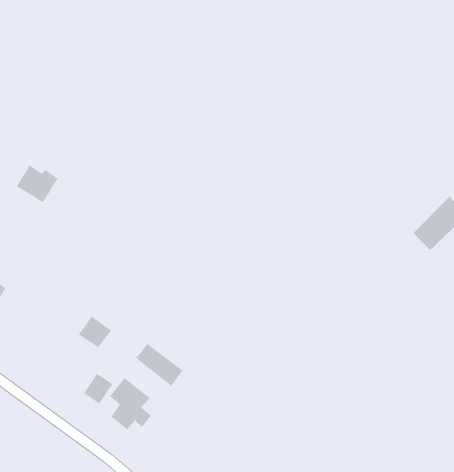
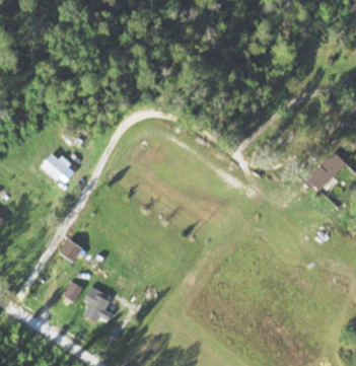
building: [16,165,58,203] -> [40,152,71,180]
building: [135,343,183,387] -> none

